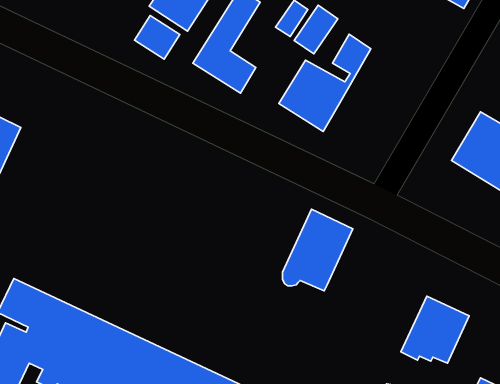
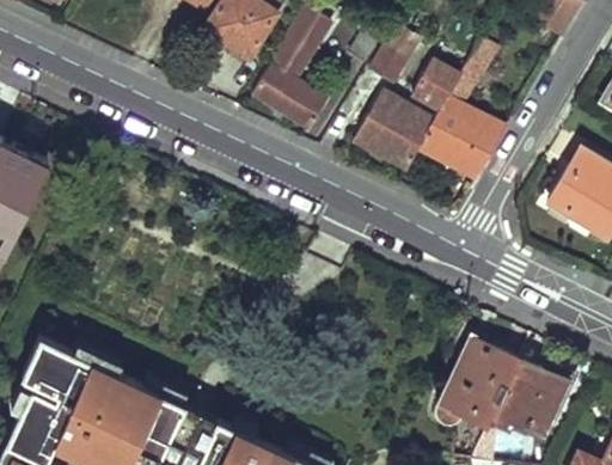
building: none -> [414,29,506,179]
building: [135,16,180,59] -> none
building: [283,209,353,291] -> [440,338,521,433]

